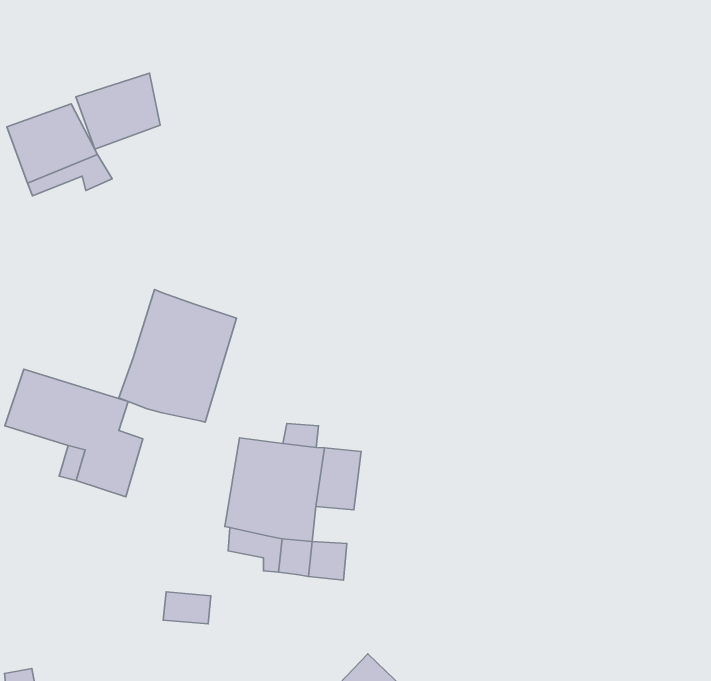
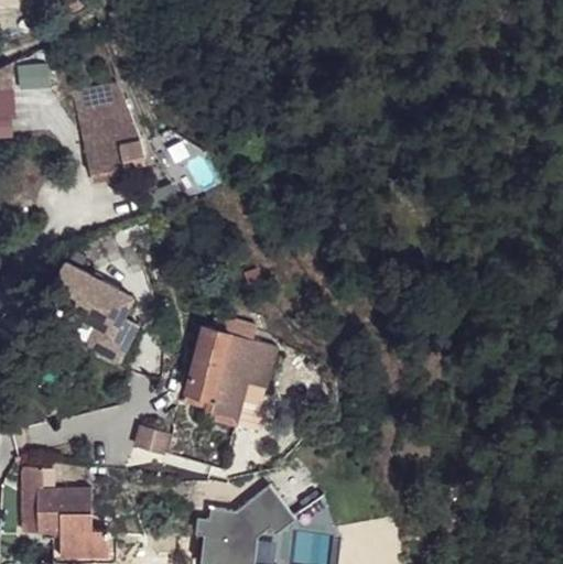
building: [76,73,160,149] -> none
building: none -> [85,139,126,176]
building: [119,290,237,422] -> none

